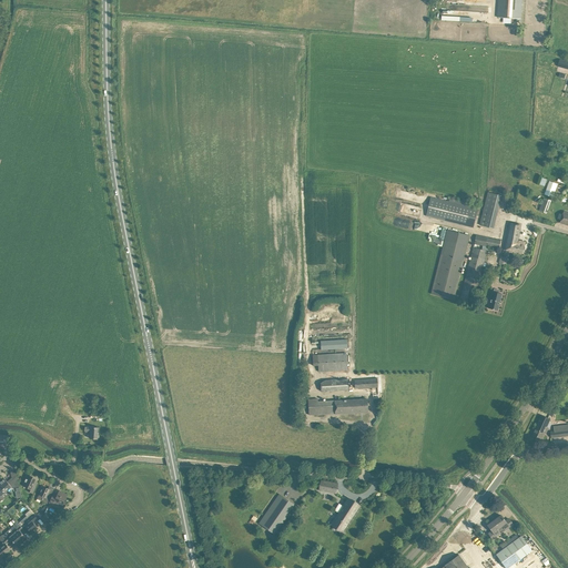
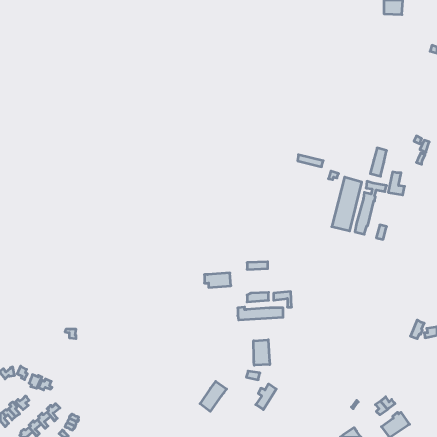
building: [426,197,478,227] -> none
building: [313,353,347,372] -> [204,273,231,287]
building: none -> [254,340,270,365]

